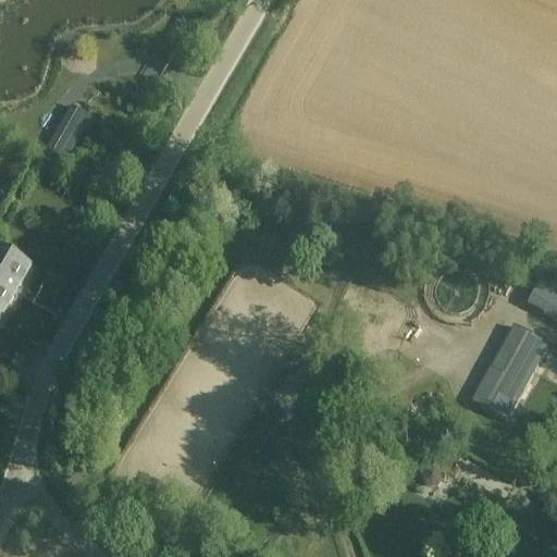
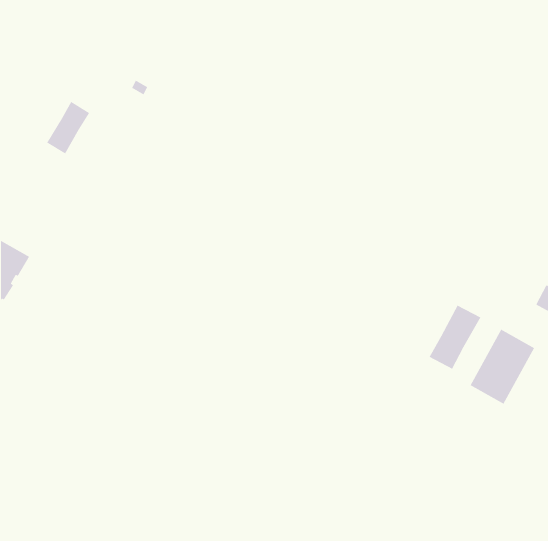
building: none -> [428,305,481,370]

